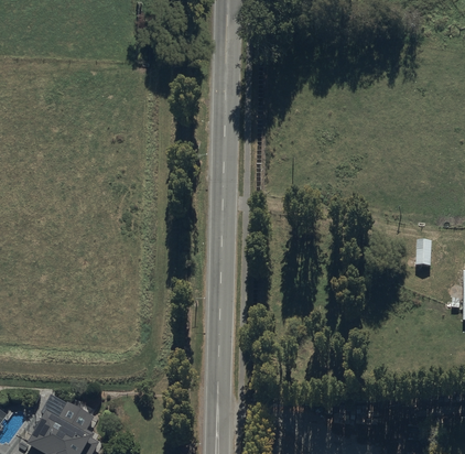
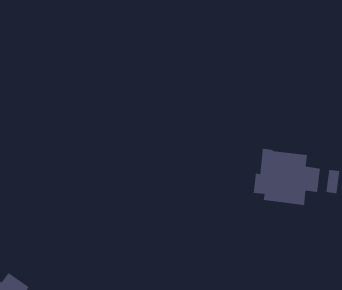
building: none -> [253,148,321,206]

